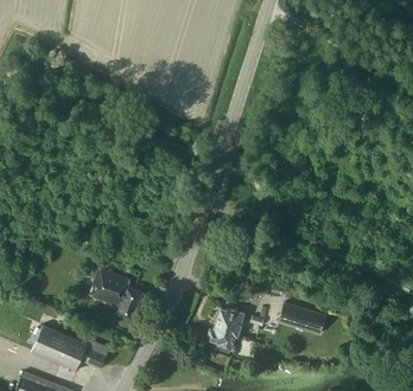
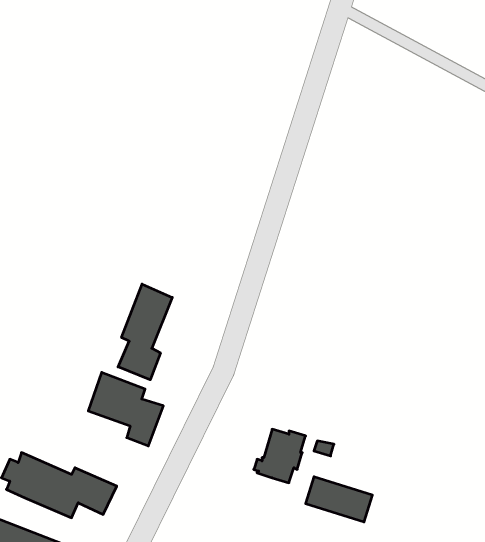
building: none -> [118,284,172,380]
building: [279,302,326,334] -> [306,477,372,522]

